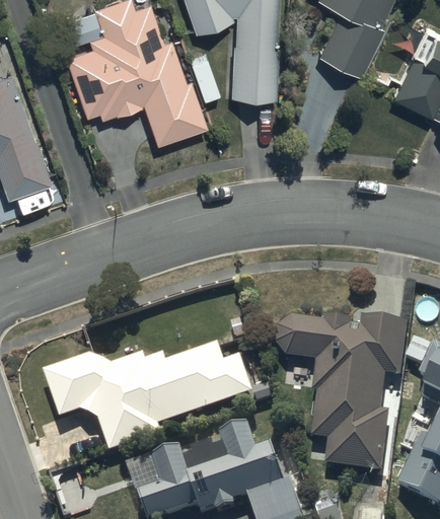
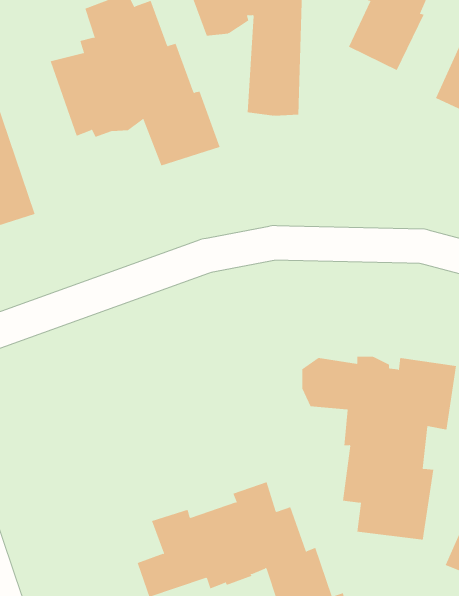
building: [42,339,252,447] -> none

